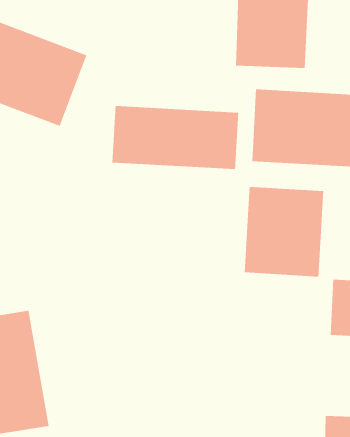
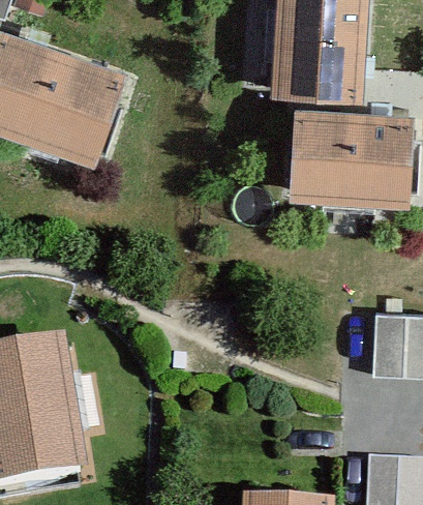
building: [112,105,239,170] -> none
building: [244,186,324,277] -> none

